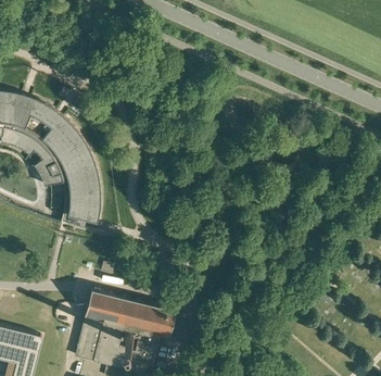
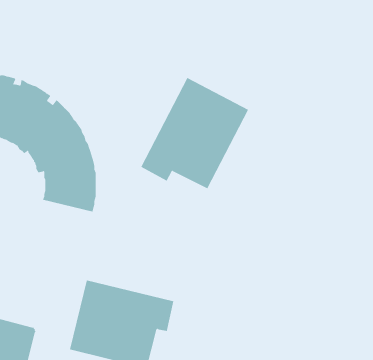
building: none -> [140,77,249,189]

